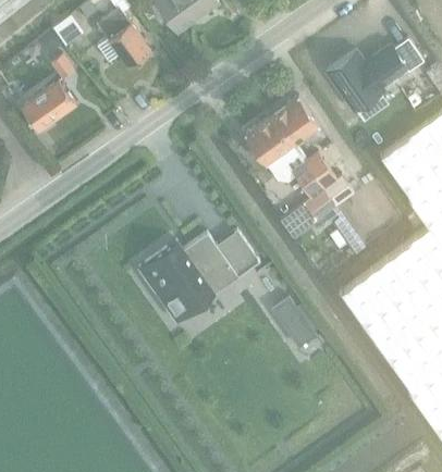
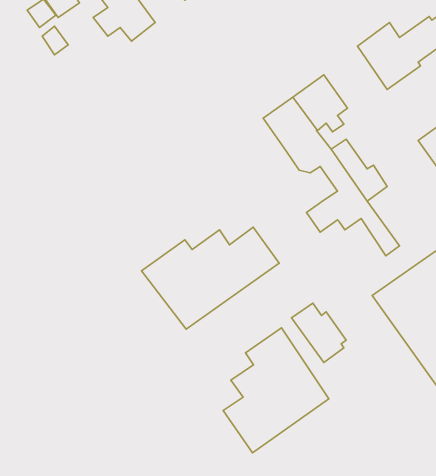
building: [22,83,75,135] -> none
building: none -> [223,328,329,453]

